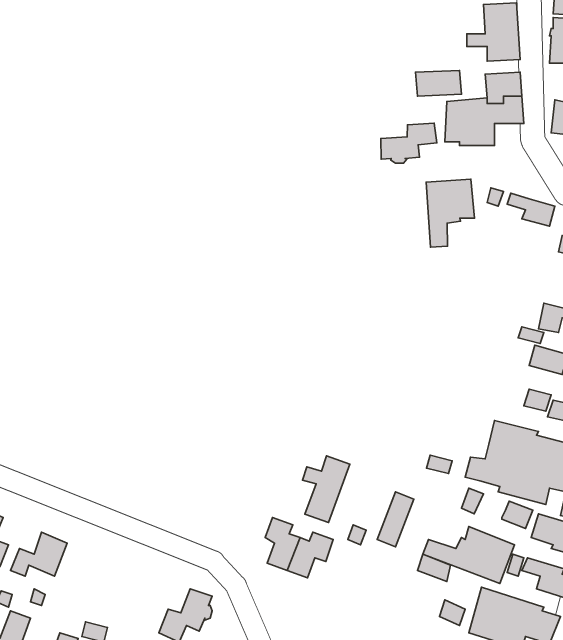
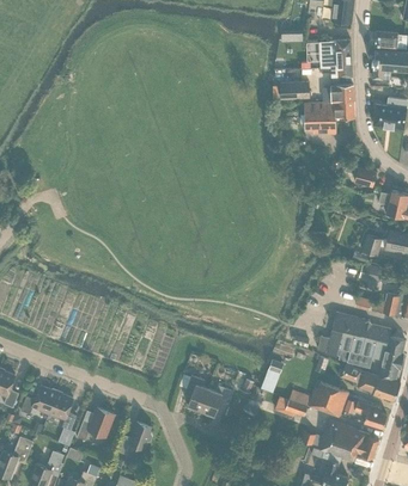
building: [381,123,437,163] -> none
building: [426,179,474,247] -> none
building: [303,456,350,523] -> none
building: none -> [48,392,75,430]
building: none -> [75,407,112,439]

